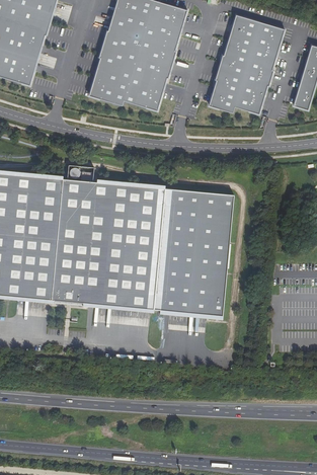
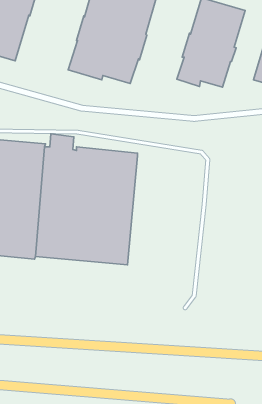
building: [153,189,233,319] -> none

